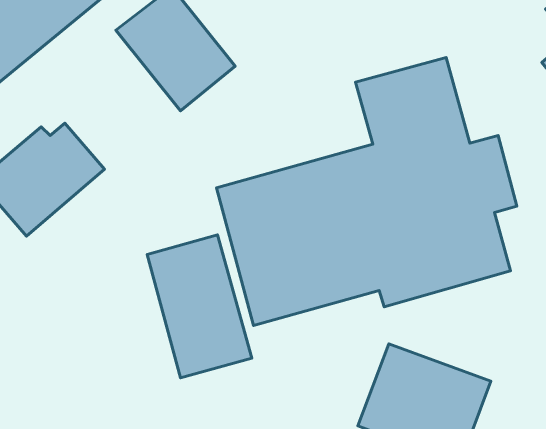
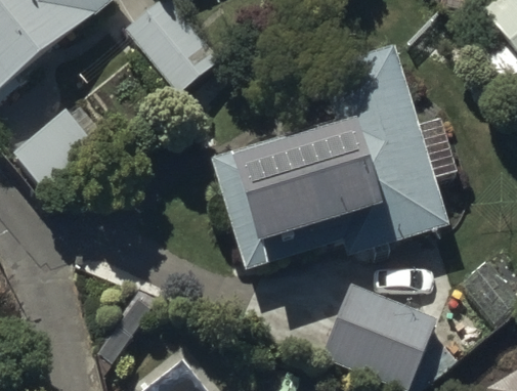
building: [147,235,252,378] -> none

